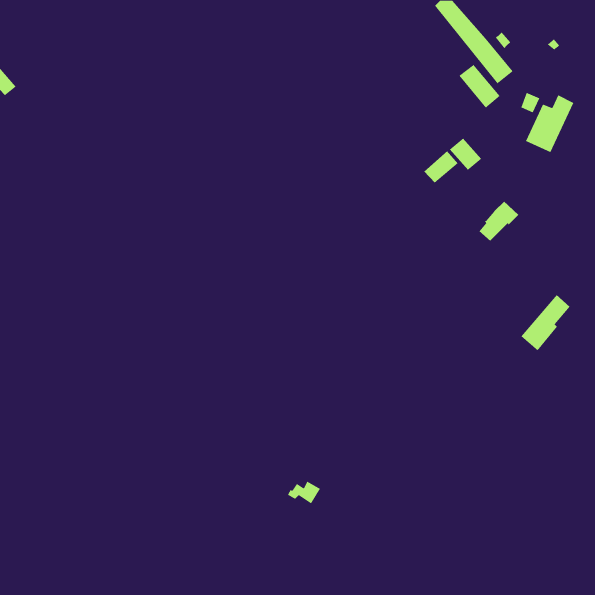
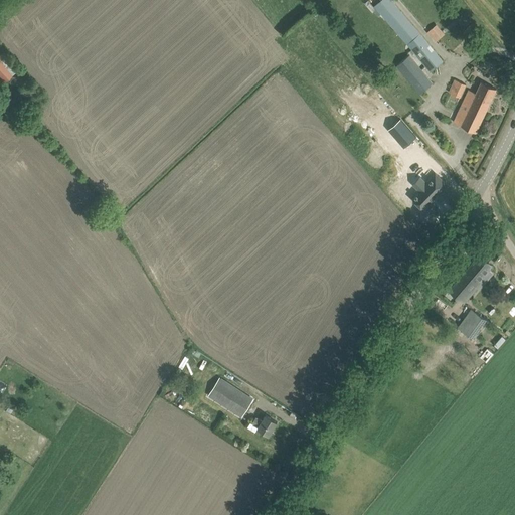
building: [423,150,459,184] -> none
building: none -> [456,308,489,341]
building: none -> [207,378,252,416]

